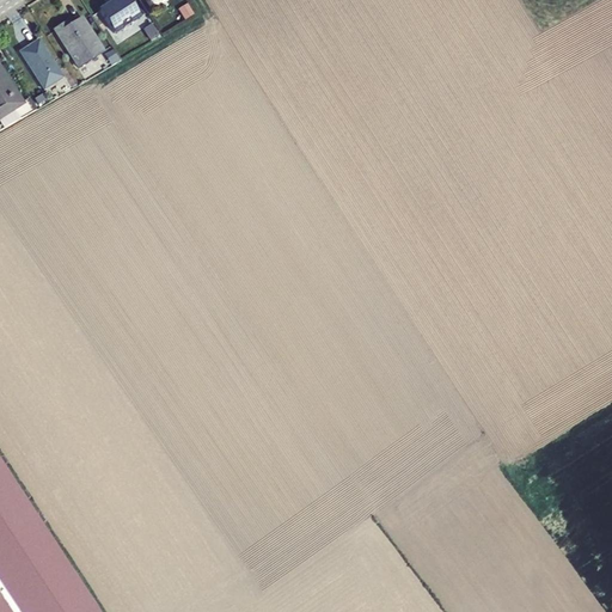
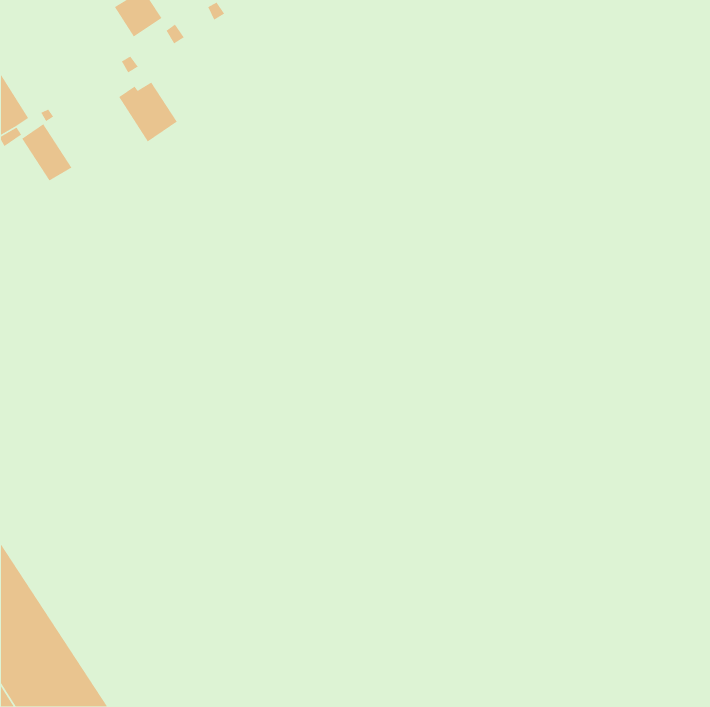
building: [53,14,104,67] -> [118,81,178,143]
building: [19,37,63,87] -> [21,123,73,182]

